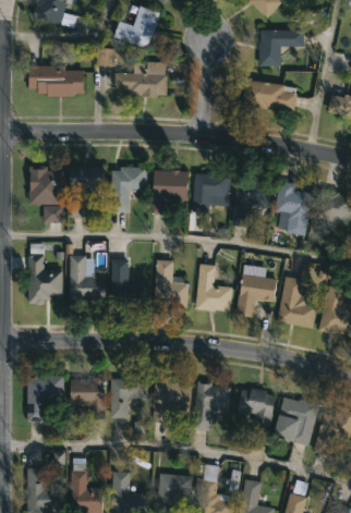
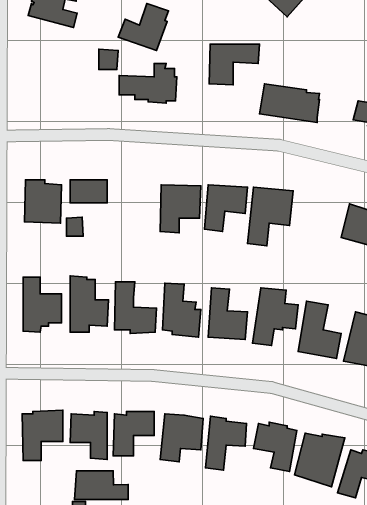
building: [258,29,304,66] -> [209,44,259,85]
building: [28,66,84,97] -> none
building: [110,167,146,212] -> none
building: [275,181,312,235] -> none
building: none -> [75,471,128,499]

